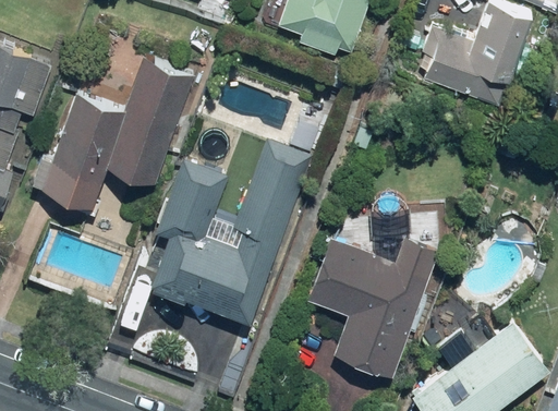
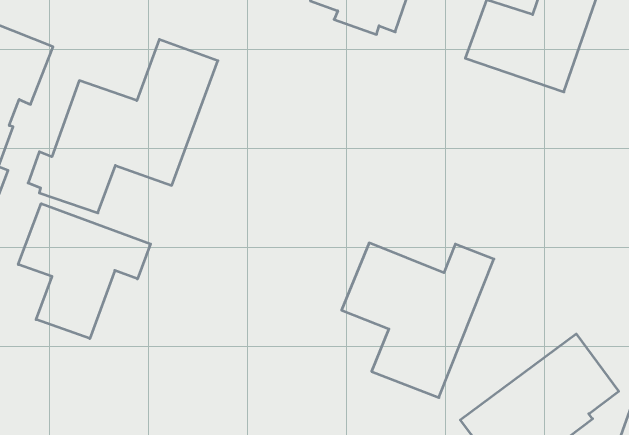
building: [148,140,312,323] -> none
building: none -> [18,204,151,339]

